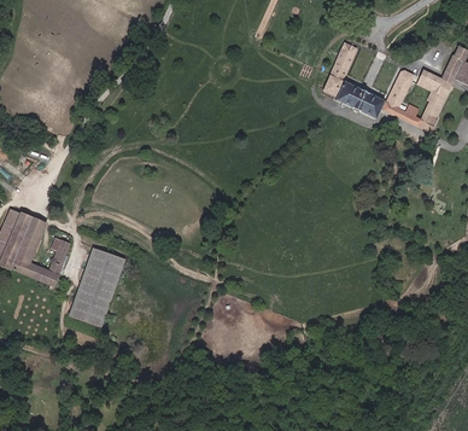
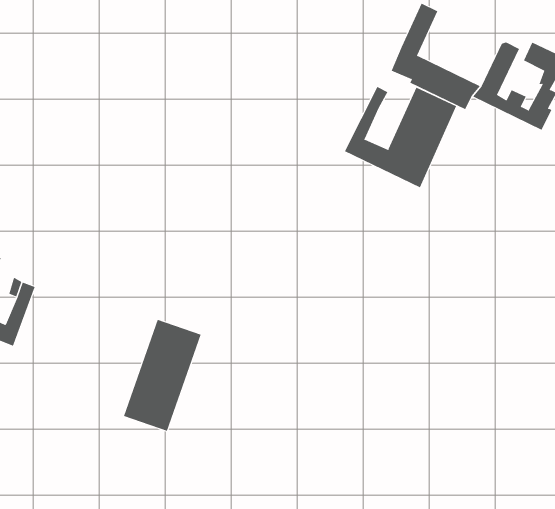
building: none -> [344,86,457,188]
building: [69,247,124,327] -> [123,319,201,432]

